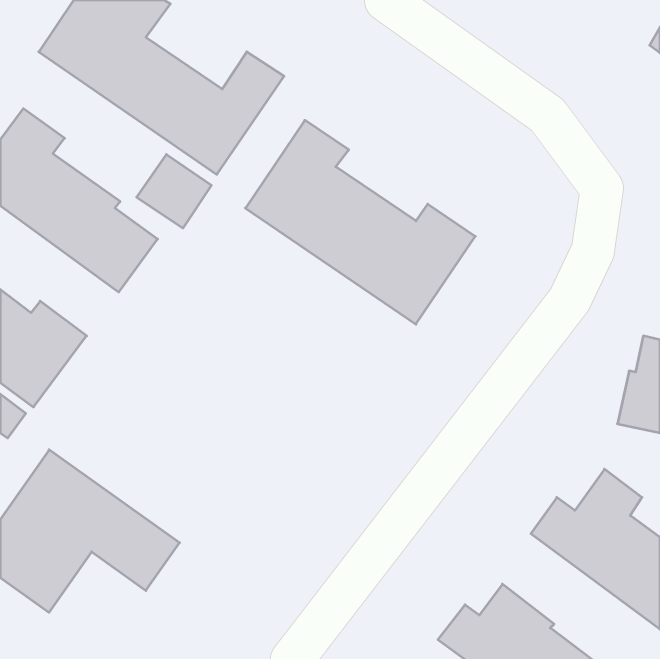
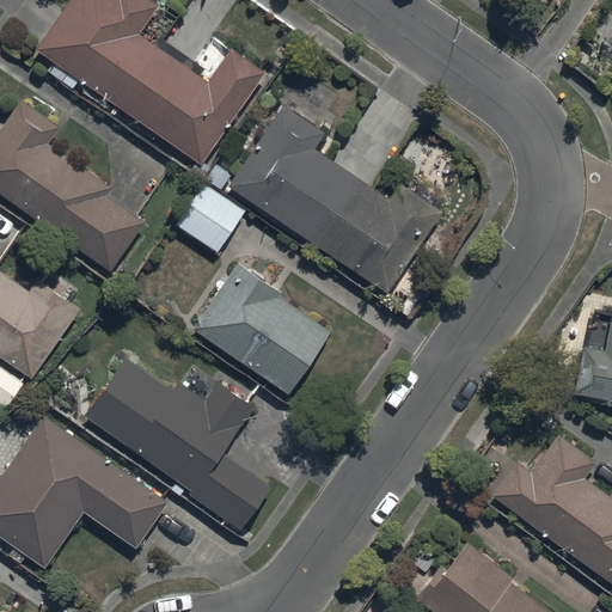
building: [137,154,211,228] -> [175,182,244,250]
building: none -> [190,262,330,394]
building: none -> [84,357,271,531]

